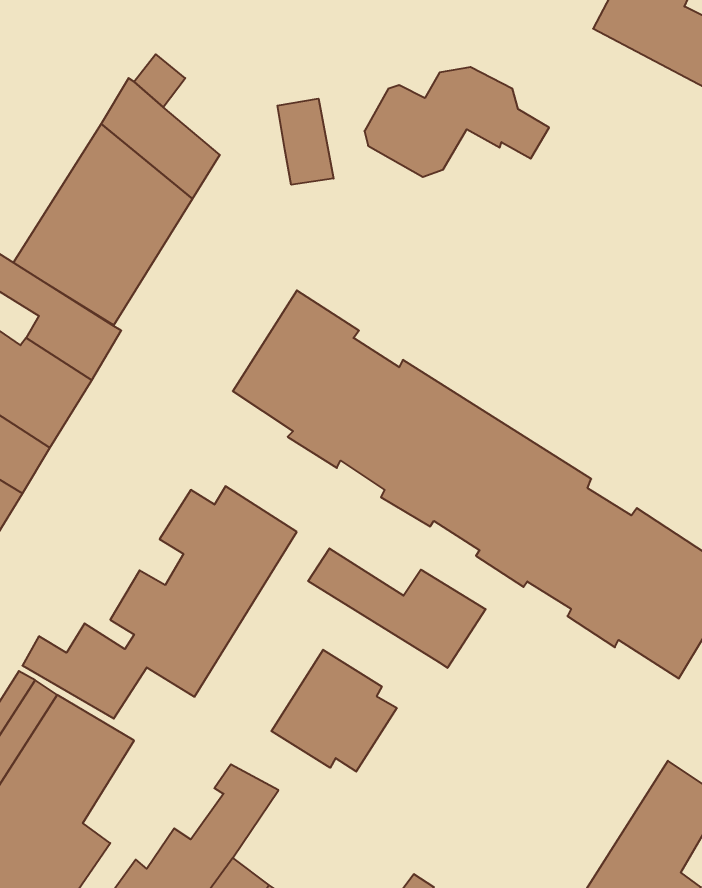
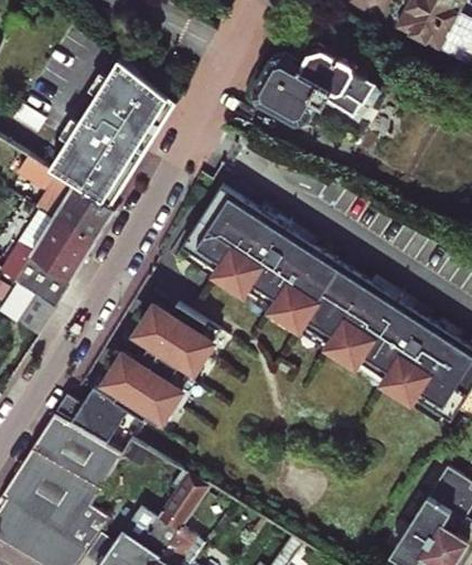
building: [277,99,334,185] -> none
building: [308,548,486,668] -> none
building: [271,650,397,772] -> none

